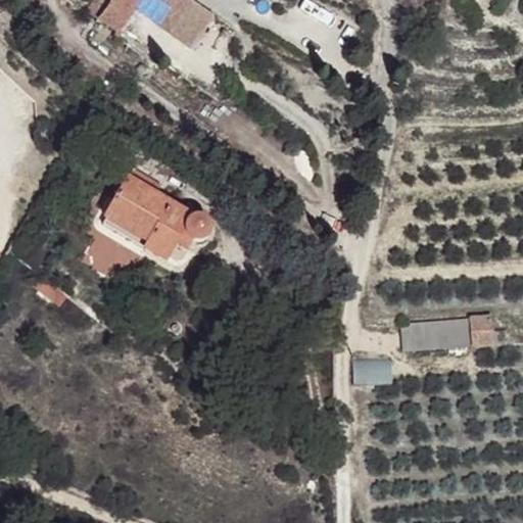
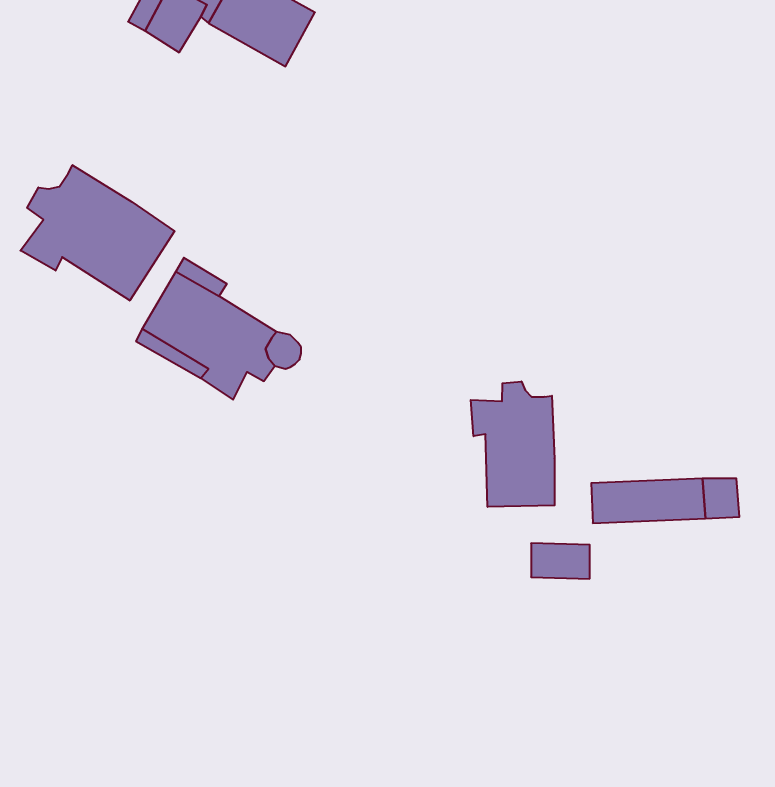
building: none -> [20,165,175,301]
building: none -> [471,381,555,507]

